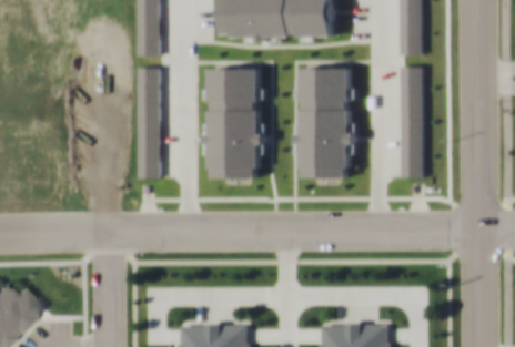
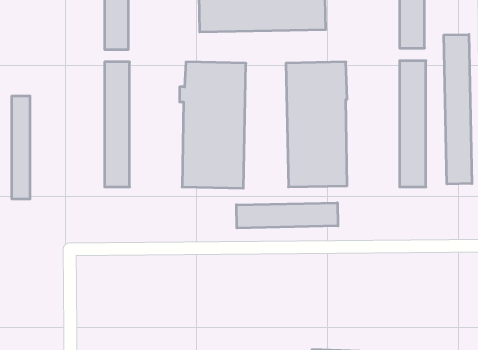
building: none -> [444,34,472,184]
building: none -> [12,96,30,199]
building: none -> [236,203,338,228]

